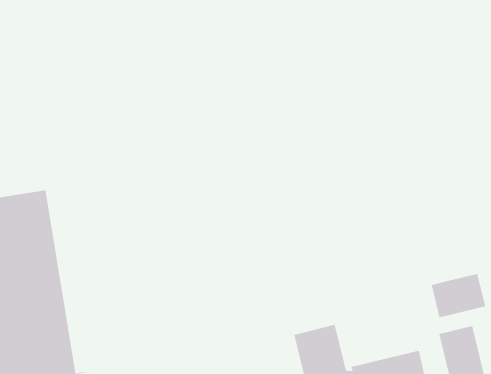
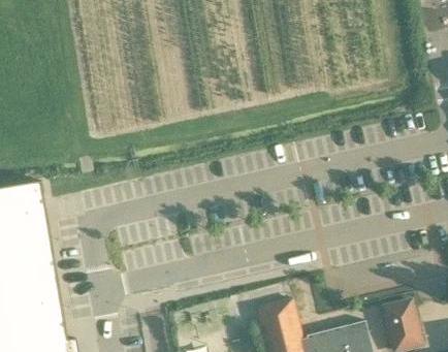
building: [431,273,486,318] -> none

